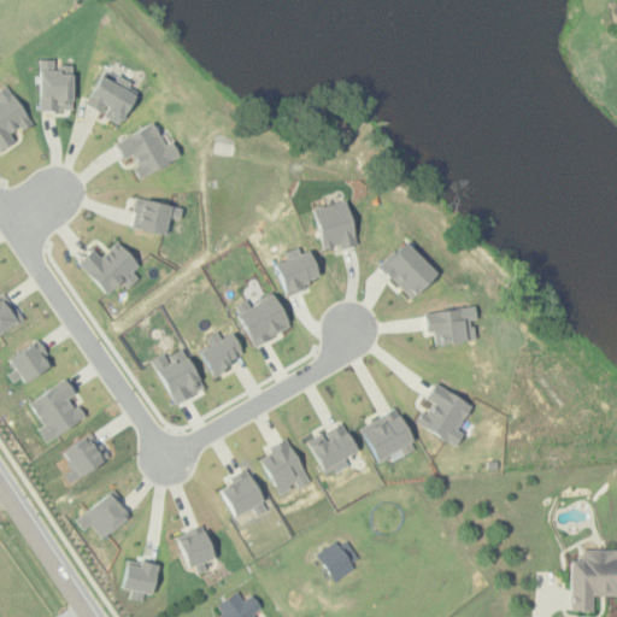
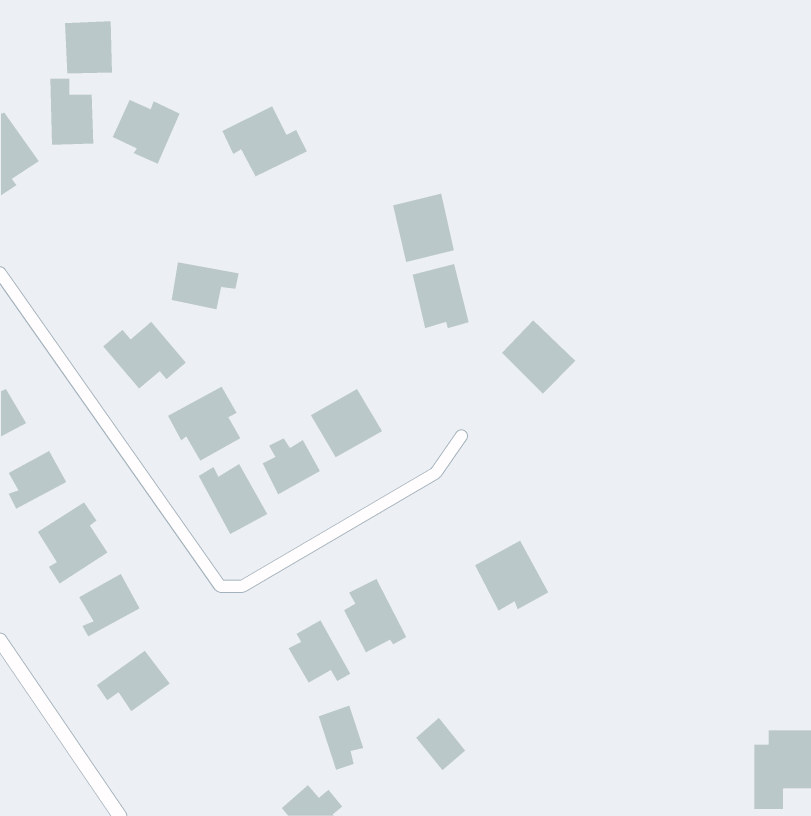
building: none -> [64,21,112,74]
building: [117,122,182,176] -> [222,105,308,177]
building: none -> [392,193,455,263]
building: [276,251,322,293] -> none
building: none -> [167,386,241,462]
building: [427,306,477,343] -> none
building: [419,382,474,445] -> none
building: [308,422,358,476] -> none
building: [180,525,215,575] -> [318,705,364,770]
building: [123,560,159,600] -> none

